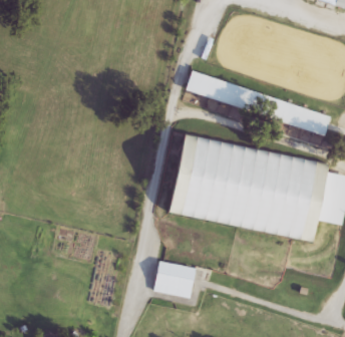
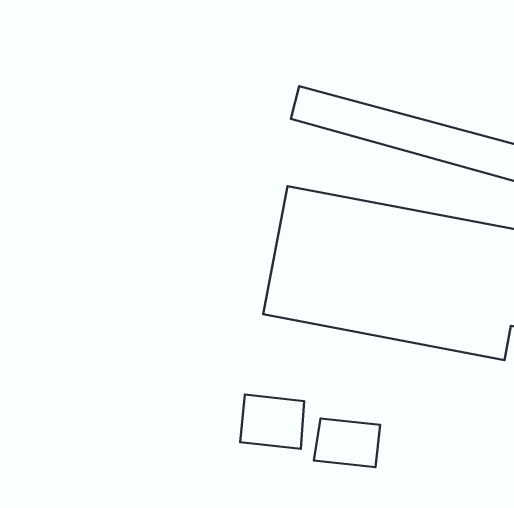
building: none -> [314,419,380,467]

